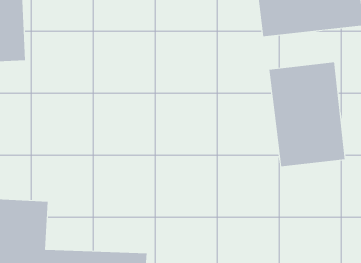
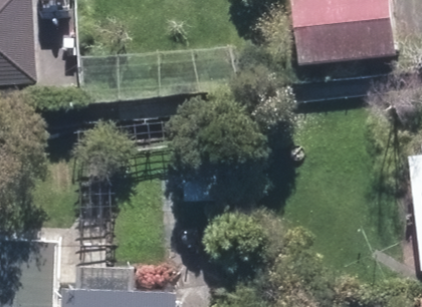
building: [269,61,345,167] -> none

